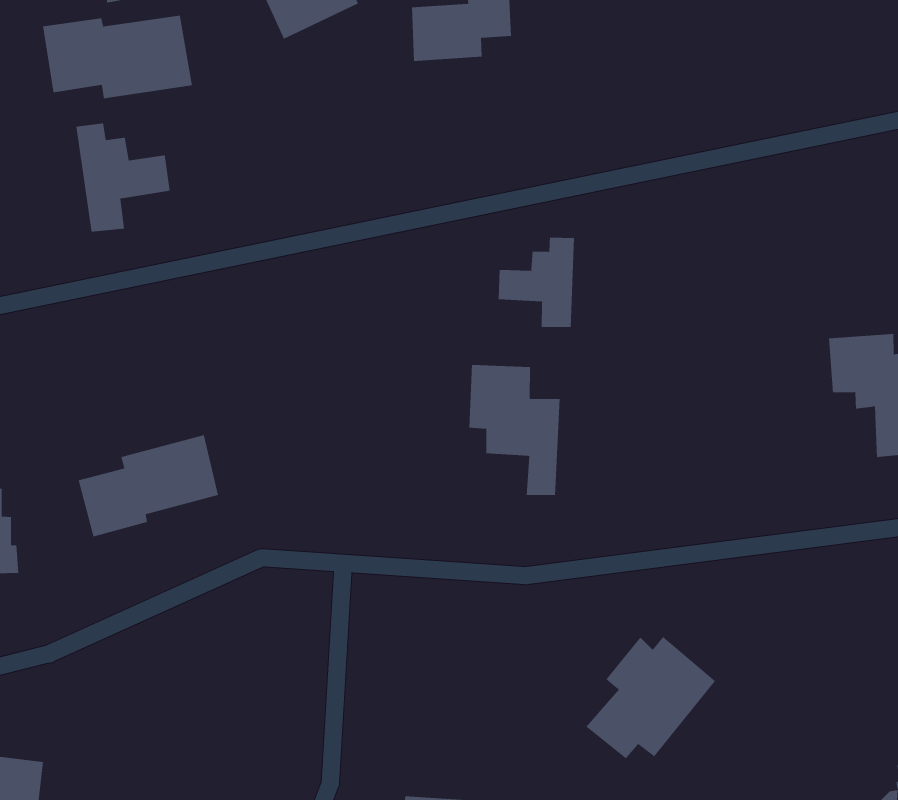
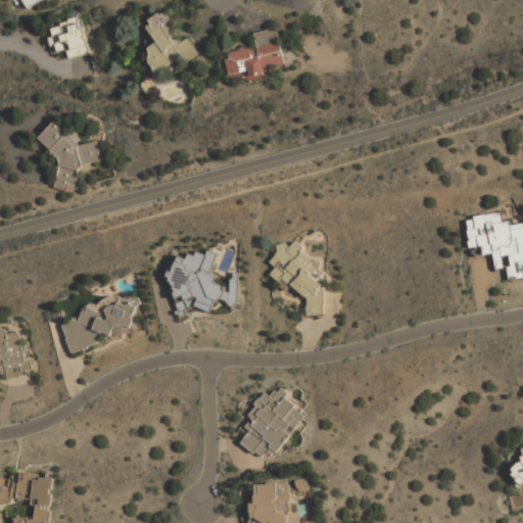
building: [43,15,192,99] -> none
building: [498,237,574,328] -> none
building: none -> [164,250,236,318]
building: [585,636,716,759] -> [237,389,306,458]

